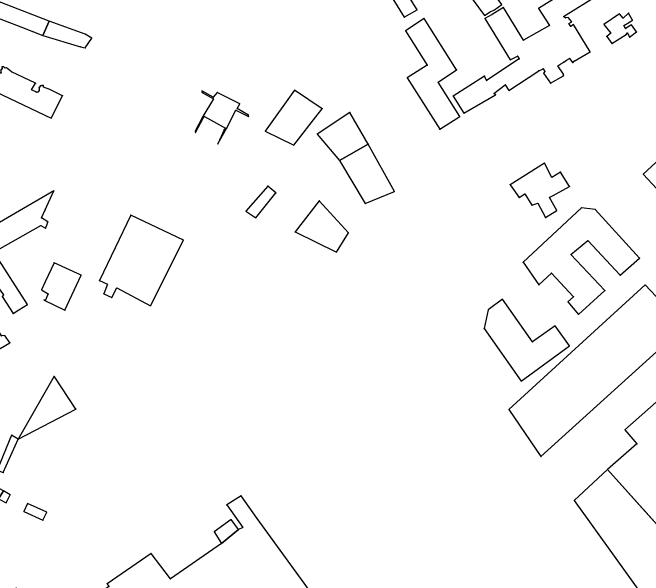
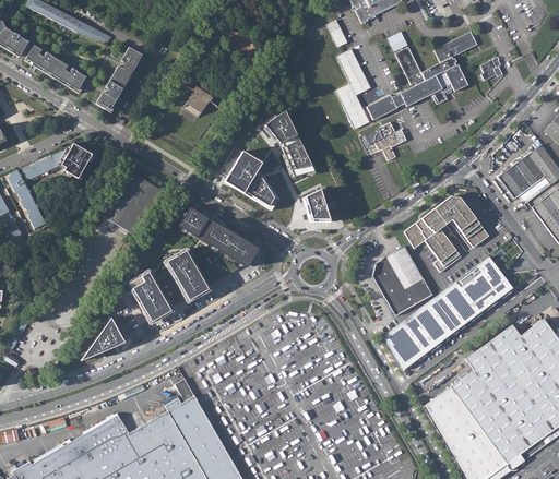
building: none -> [95,48,144,113]
building: [265,90,322,145] -> [224,153,266,192]
building: [510,163,570,218] -> [365,121,407,160]
building: none -> [304,189,337,219]
building: none -> [126,207,260,324]
building: [42,263,81,310] -> [62,145,92,180]
building: none -> [388,246,424,288]
building: [18,376,76,439] -> [82,316,126,359]

